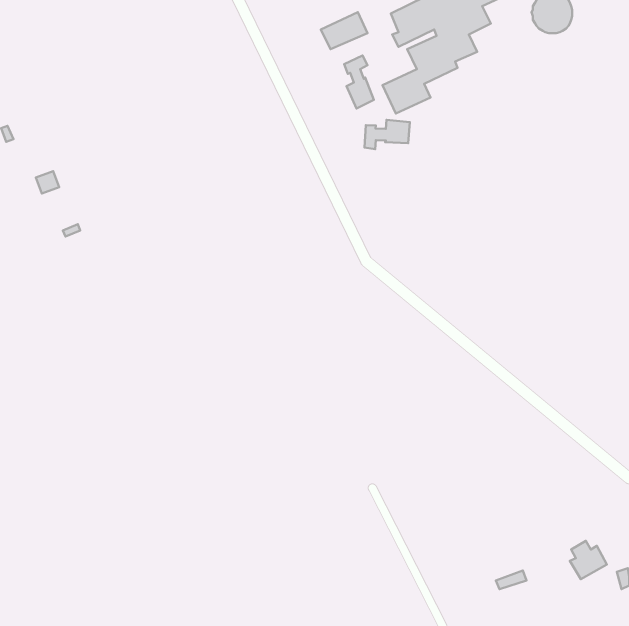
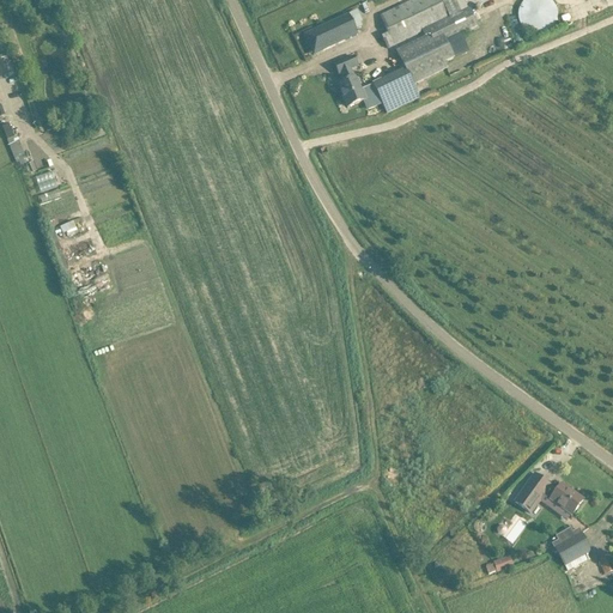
building: [365,120,410,149] -> none
building: none -> [514,472,582,512]

